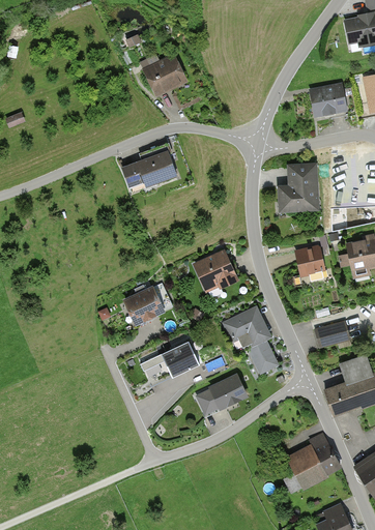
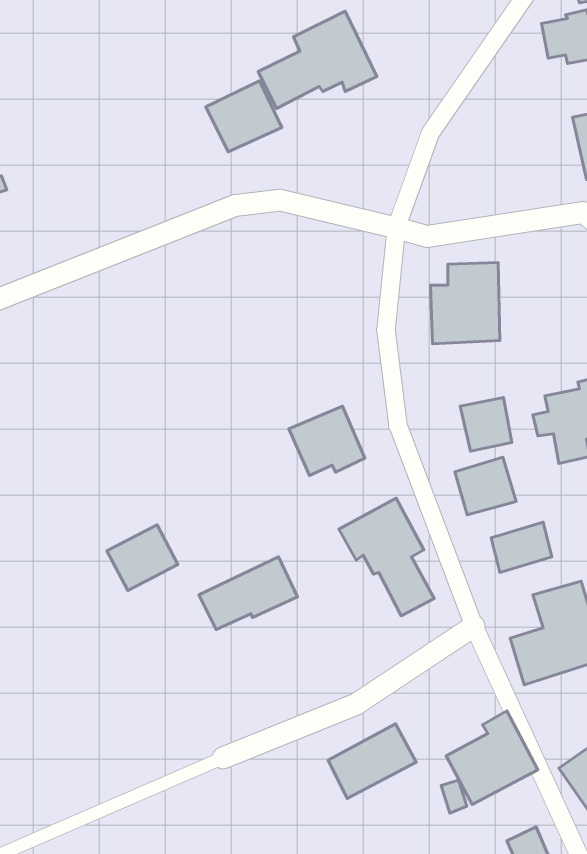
building: none -> [258,11,377,108]
building: [310,83,348,117] -> none
building: [122,151,177,188] -> none
building: none -> [455,457,516,515]
building: [123,286,166,325] -> [107,525,178,591]
building: [194,374,247,418] -> [328,724,416,798]

